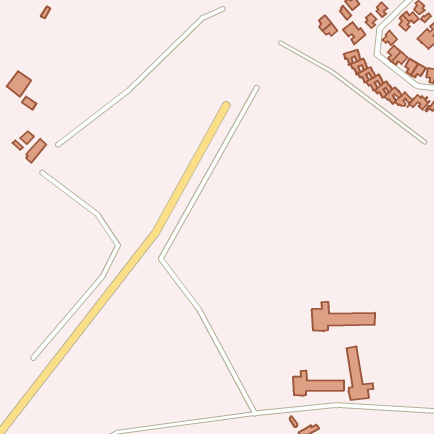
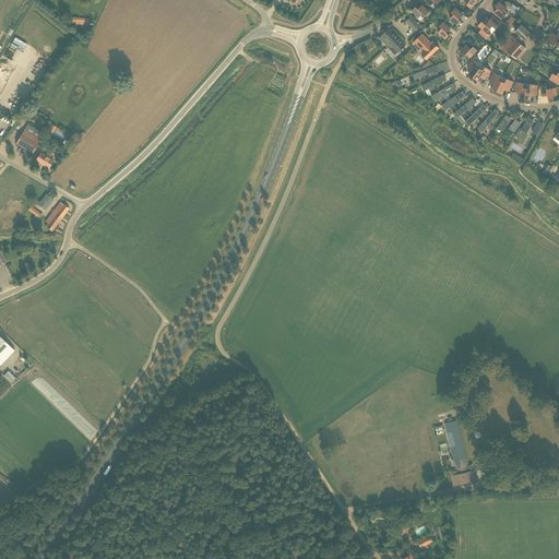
building: [312,302,375,331] -> none
building: [293,370,344,396] -> none

